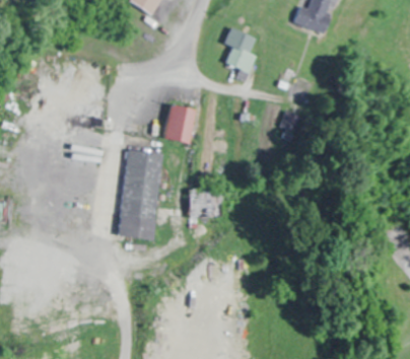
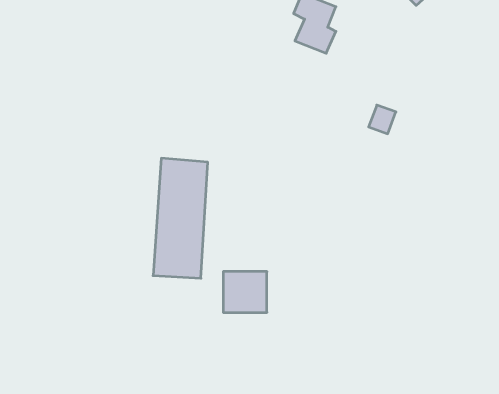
building: [166,106,194,140] -> none
building: [190,189,222,219] -> [223,272,267,312]

